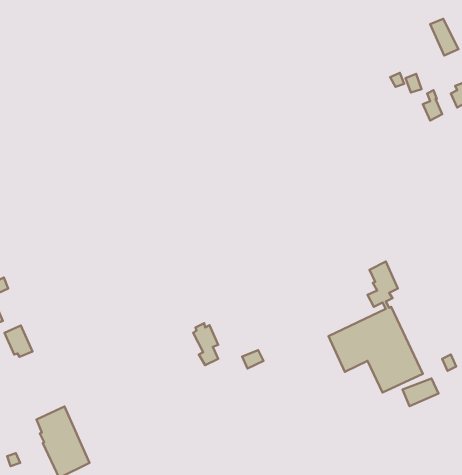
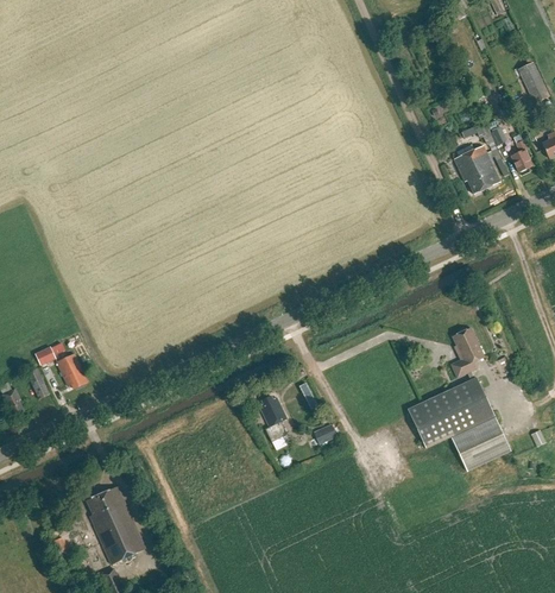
building: none -> [454,145,500,194]
building: [4,325,33,357] -> [57,353,88,387]
building: [402,379,439,406] -> none

